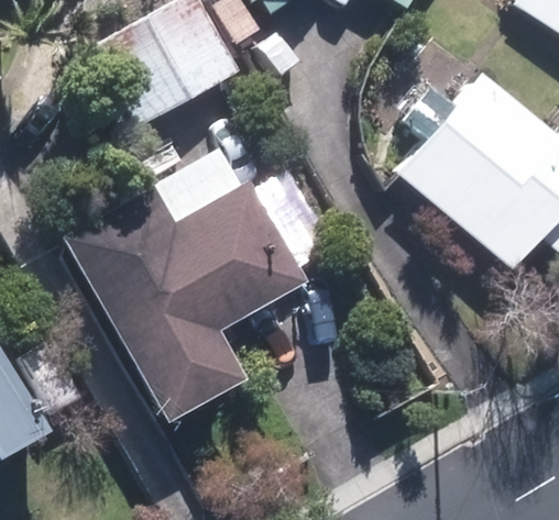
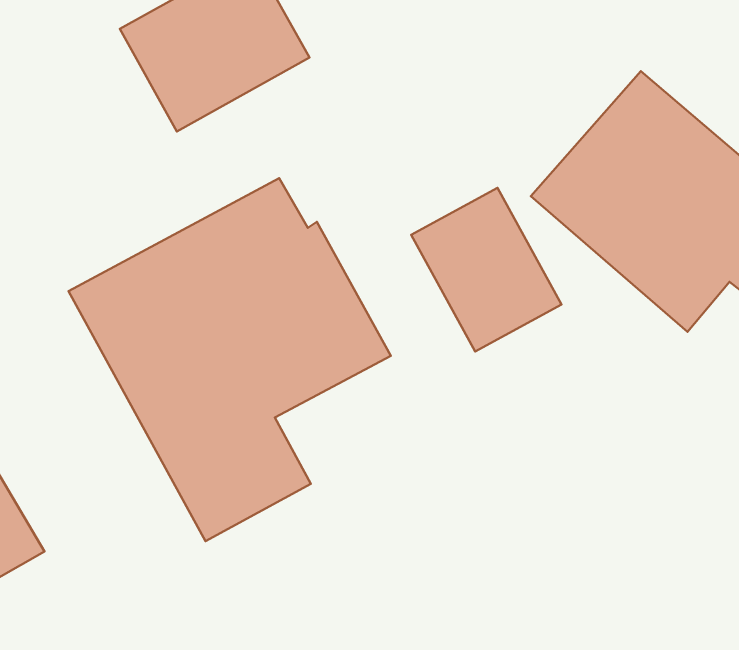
building: none -> [411,188,561,352]

